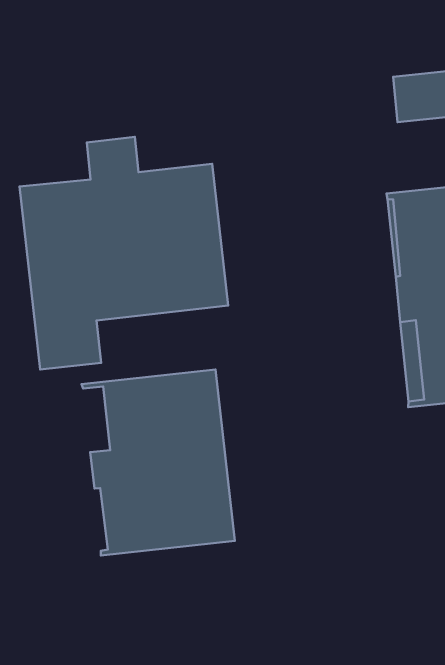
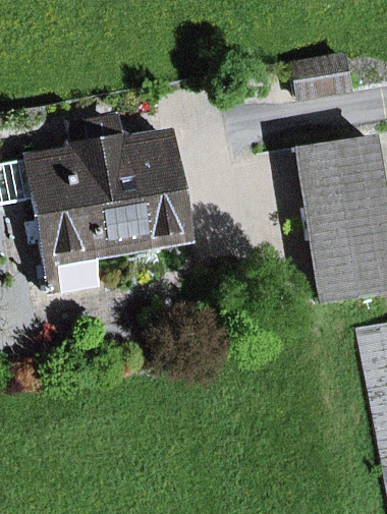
building: [82,369,235,556] -> none

